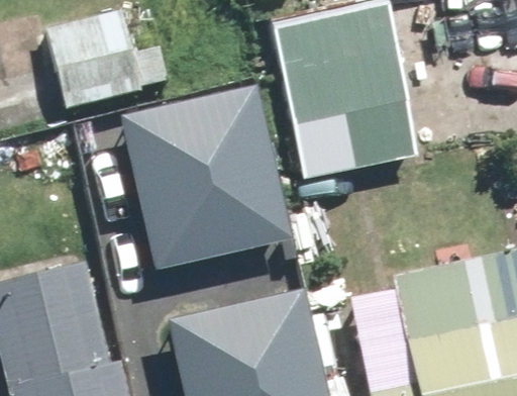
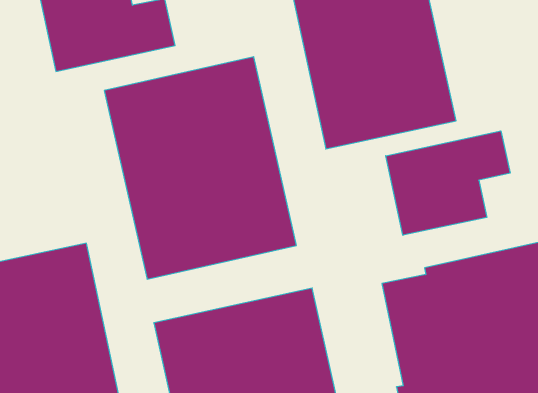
building: none -> [386,131,510,235]

